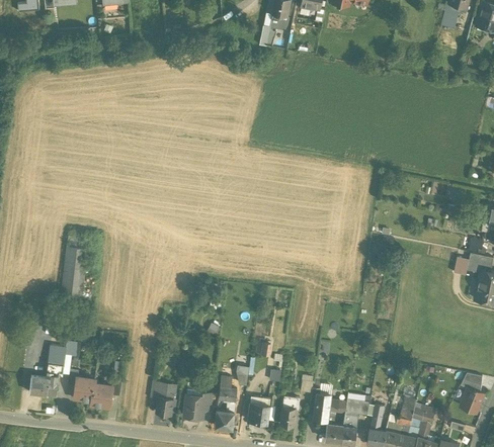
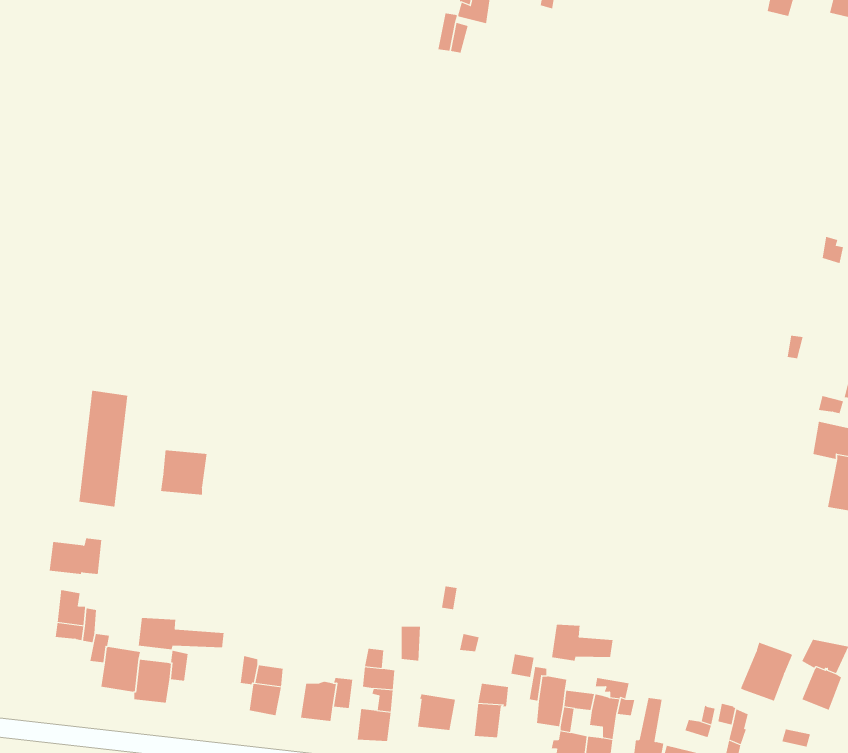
building: none -> [160,450,207,495]
building: none -> [138,617,224,650]
building: none -> [552,624,613,662]
building: none -> [740,642,793,701]
building: [29,373,59,393] -> [49,538,102,575]

